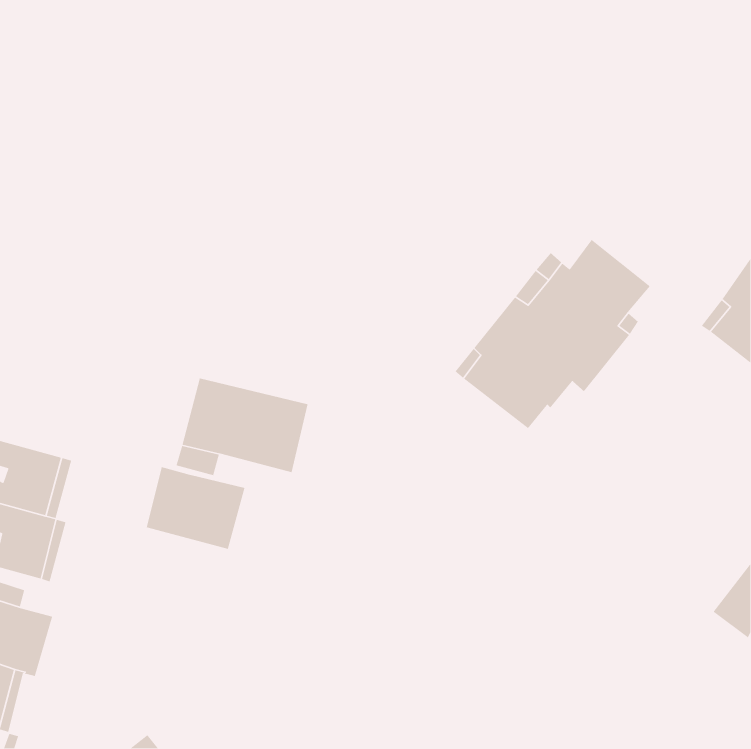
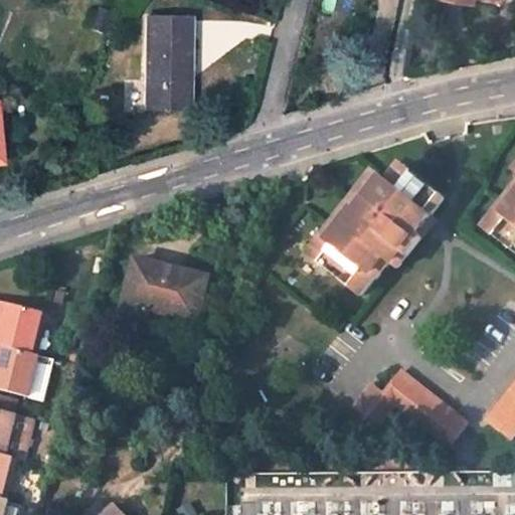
building: none -> [142,14,189,107]
building: [146,466,245,550] -> none
building: none -> [355,368,467,444]

